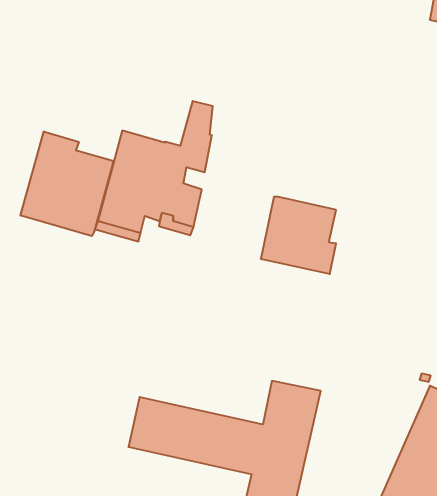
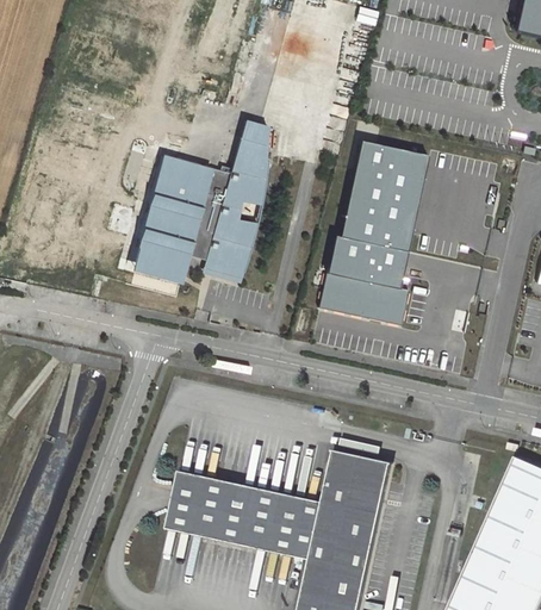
building: none -> [341,139,430,250]
building: [20,131,113,236] -> none

